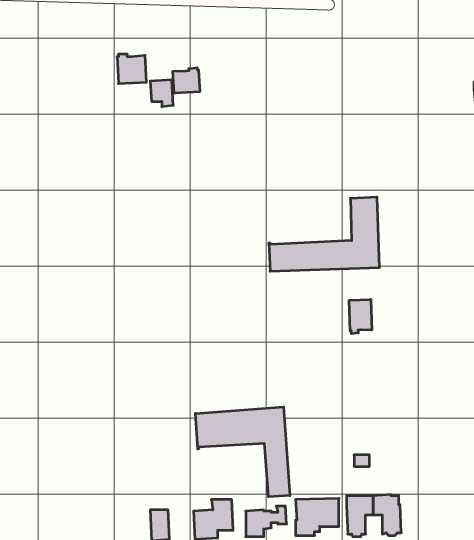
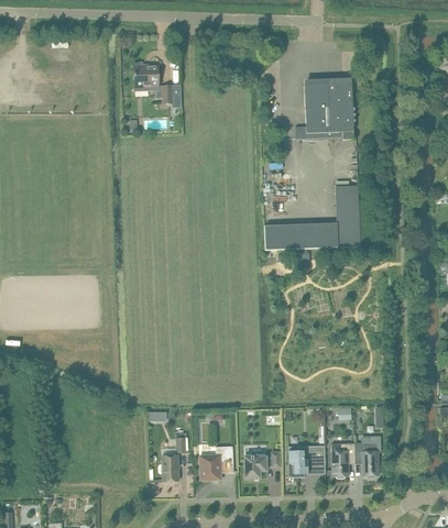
building: [173,68,200,93] -> none
building: none -> [294,75,353,139]
building: [349,299,372,334] -> none
building: [195,407,290,497] -> none

